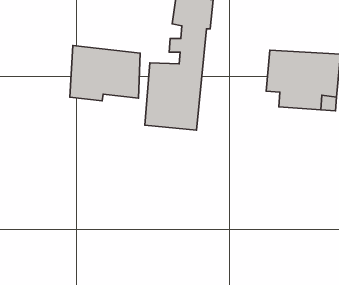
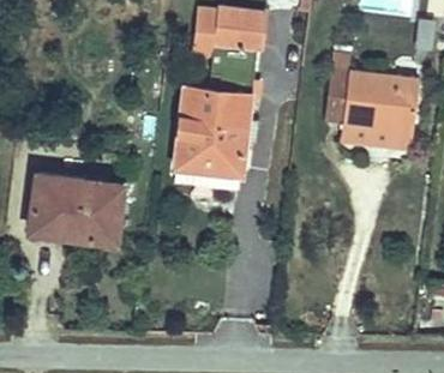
building: [70,45,140,101] -> [36,176,122,245]

